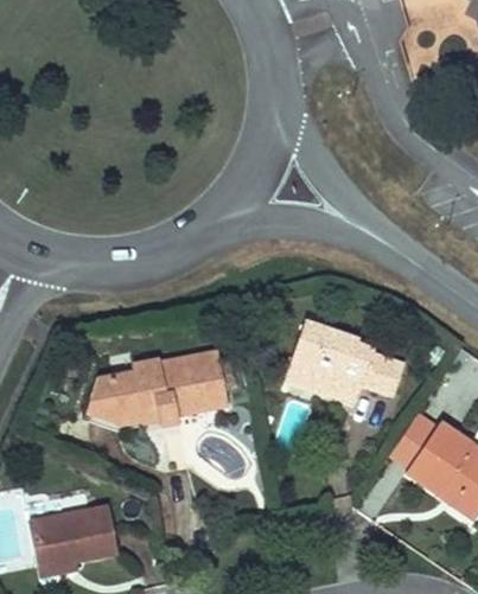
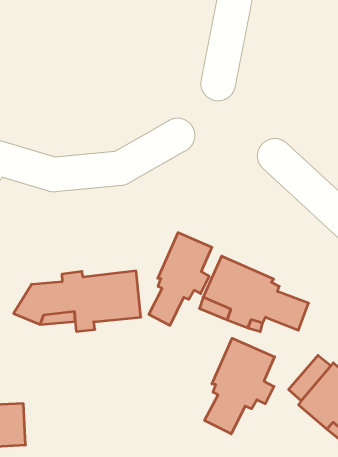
building: none -> [149,233,212,325]
building: none -> [205,338,275,434]

